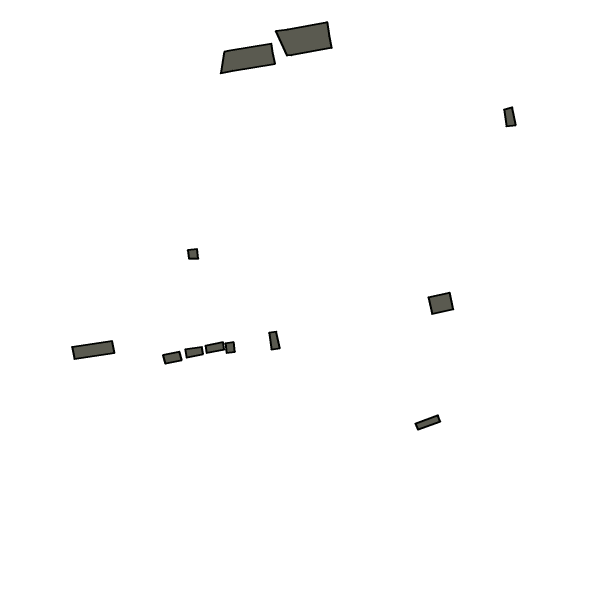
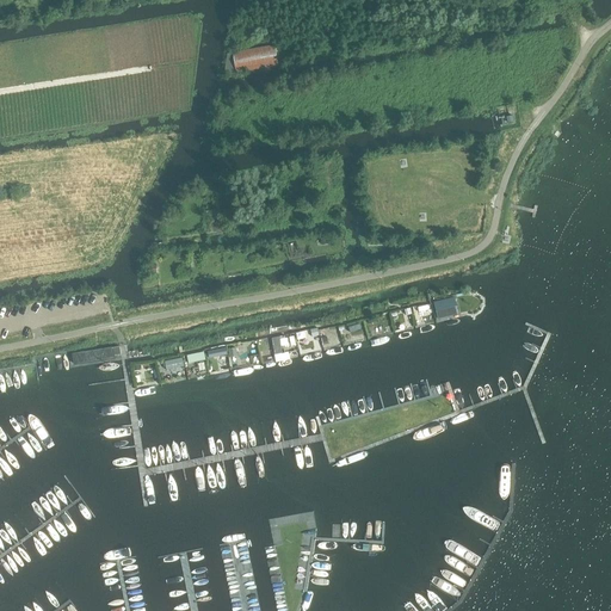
building: [276,22,332,56] -> none

